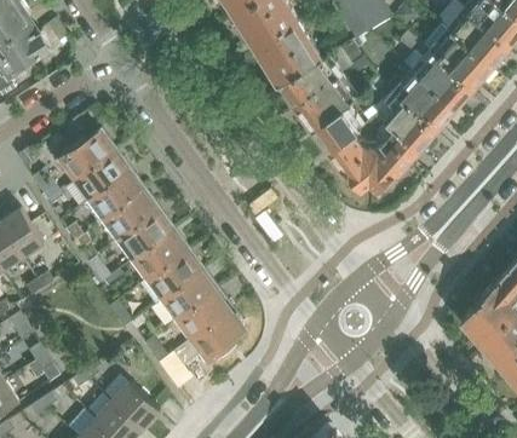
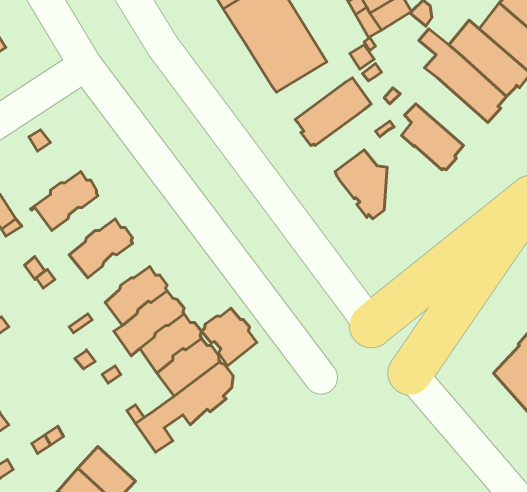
building: [277,54,343,108] -> none
building: [386,73,456,129] -> none
building: [311,103,363,151] -> none
building: [369,129,418,192] -> none
building: [56,132,114,183] -> none
building: [90,172,143,221] -> none
building: [120,212,172,261] -> none
building: none -> [202,308,257,366]

